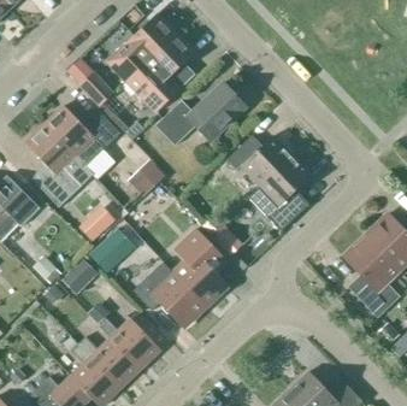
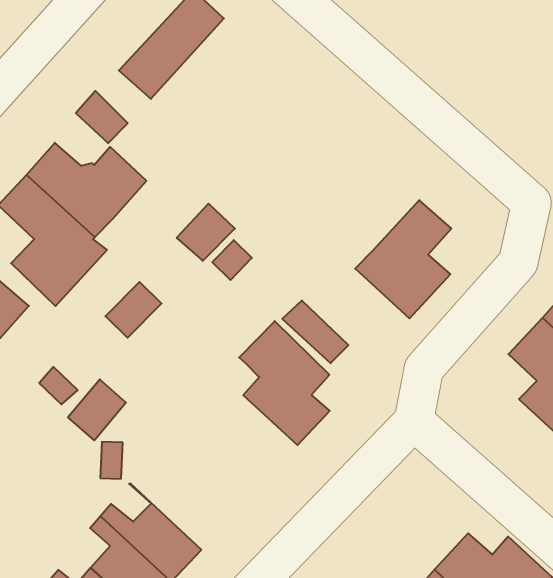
building: [125,33,194,112] -> none
building: [155,82,246,145] -> none
building: [226,135,291,186] -> none
building: [88,228,135,273] -> none
building: [151,272,205,326] -> none
building: [98,317,160,369] -> none

